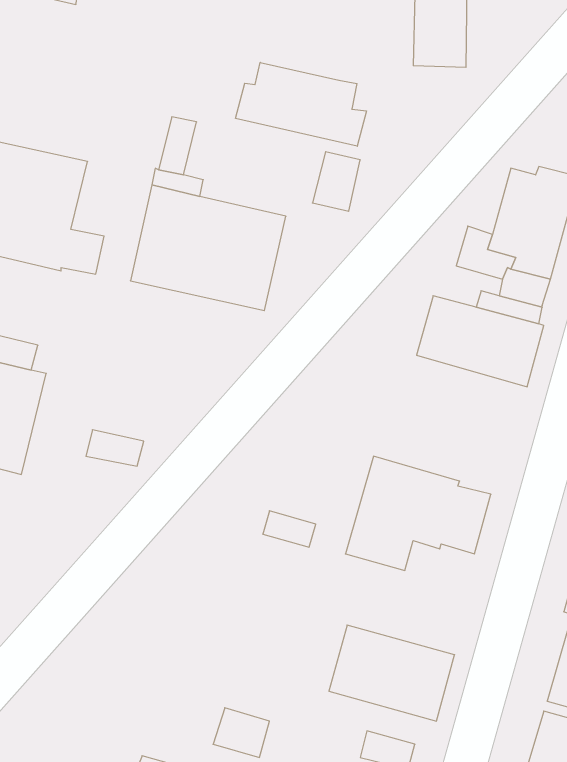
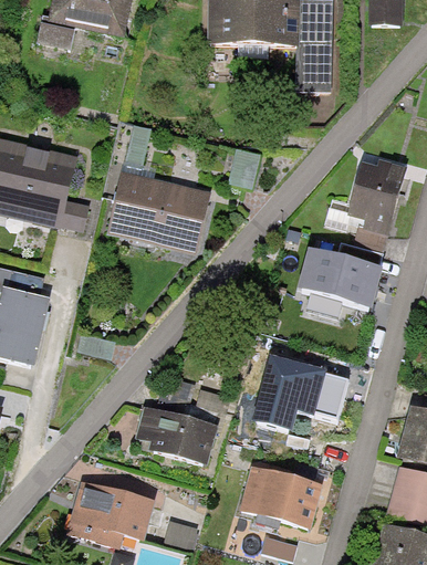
building: [236,62,366,146] -> none
building: none -> [135,406,217,464]
building: none -> [66,480,154,547]

